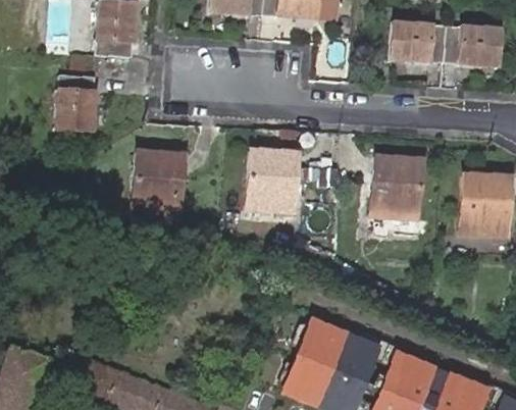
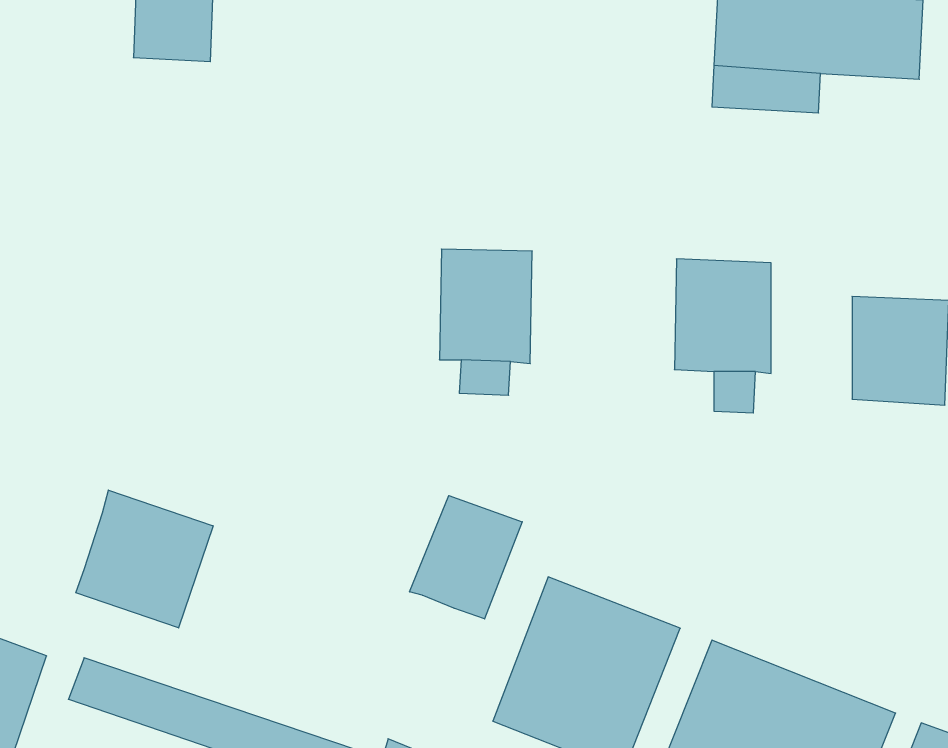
building: [54,74,97,131] -> none
building: [137,149,186,209] -> none
building: none -> [76,490,213,628]
building: none -> [410,496,522,619]

